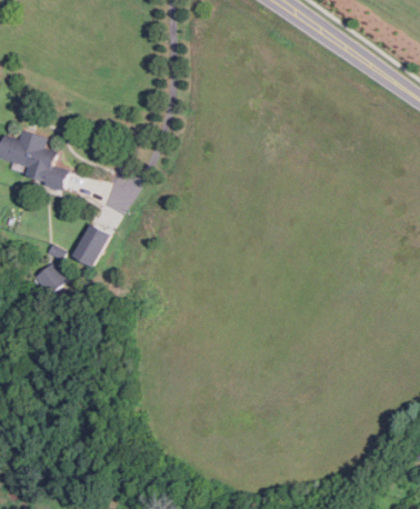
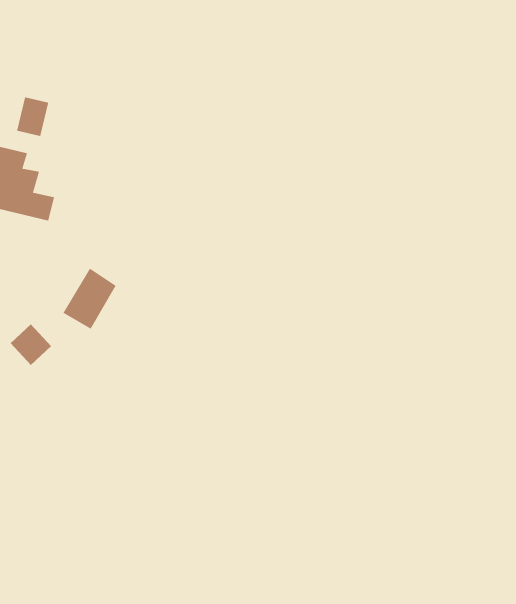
building: none -> [17,97,49,137]

